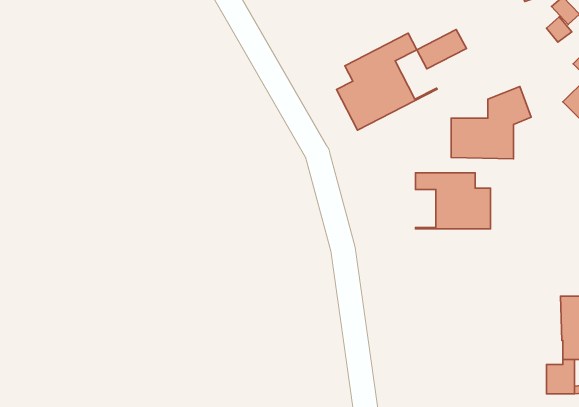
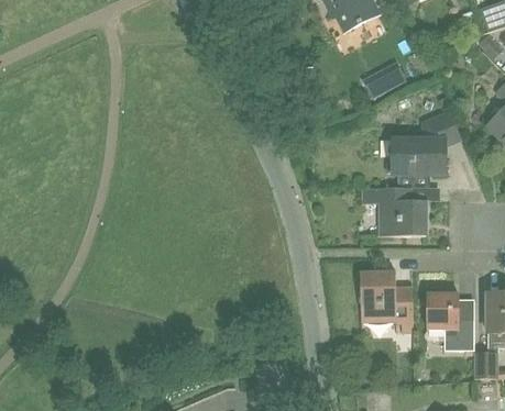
building: [337,33,437,130] -> none
building: none -> [360,269,413,331]
building: none -> [427,291,474,349]

